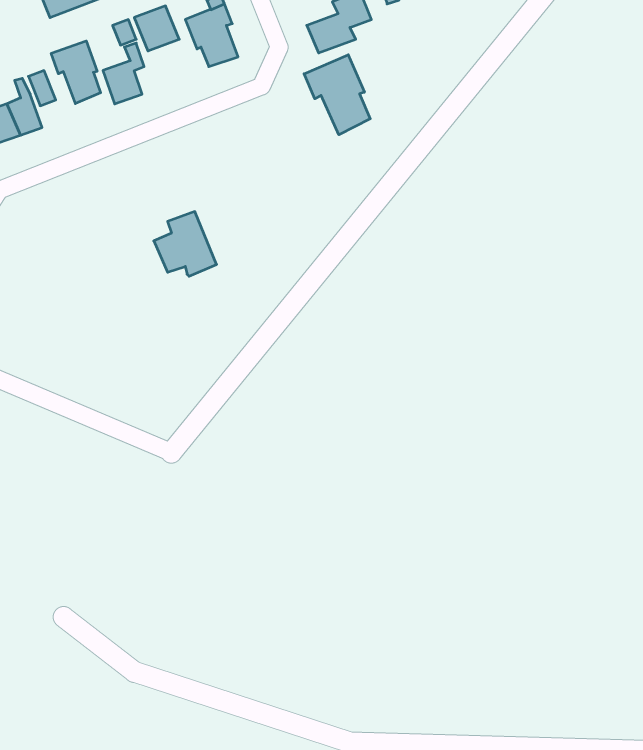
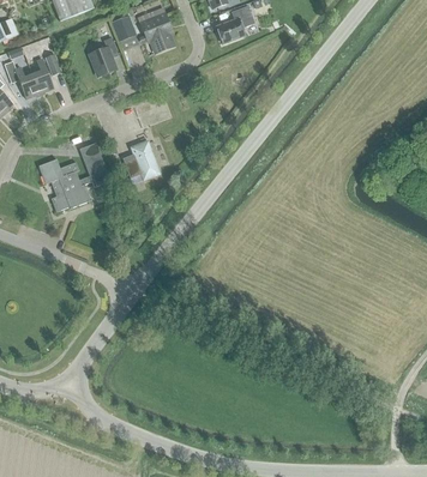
building: [51,41,101,104] -> none
building: [304,55,370,135] -> none
building: none -> [37,143,109,211]

